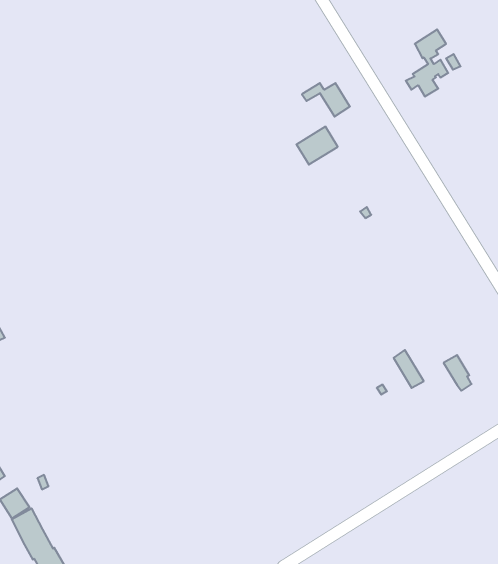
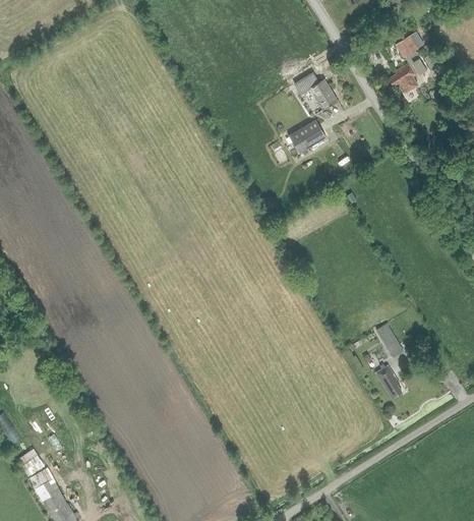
building: [444,355,472,391] -> [375,365,401,398]

